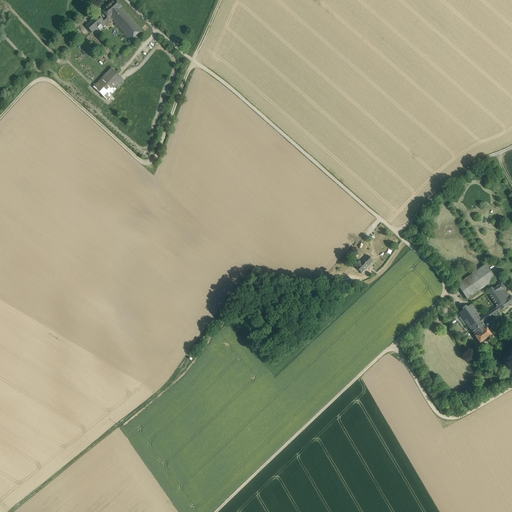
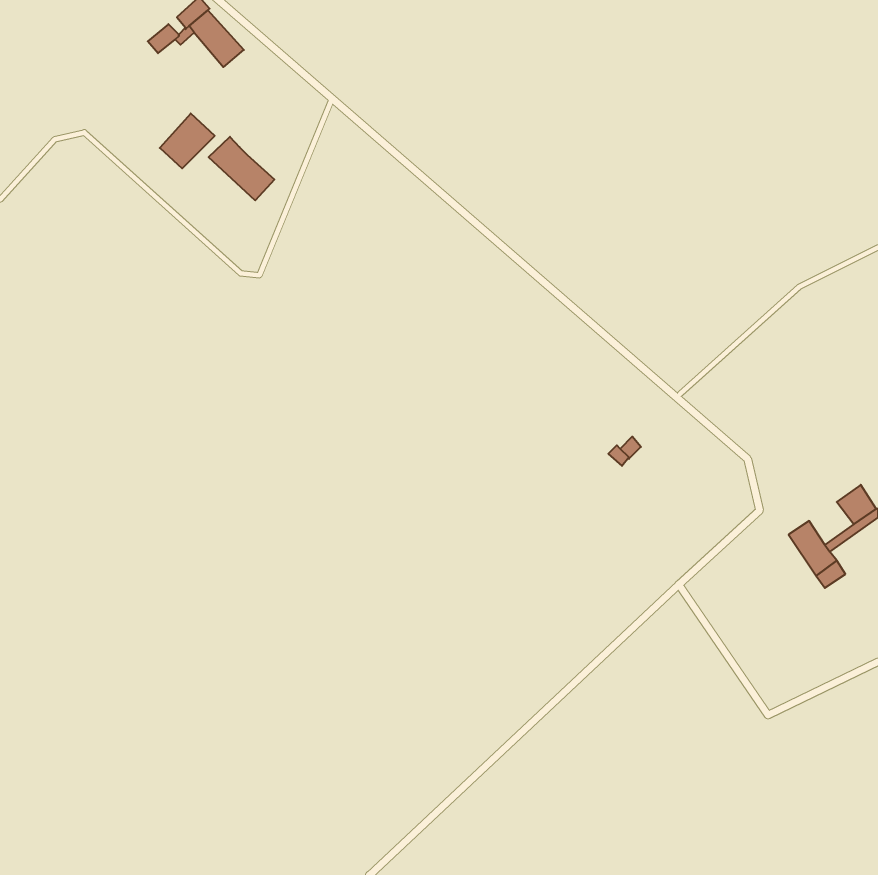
building: none -> [209,137,274,200]
building: [457,263,496,298] -> none

